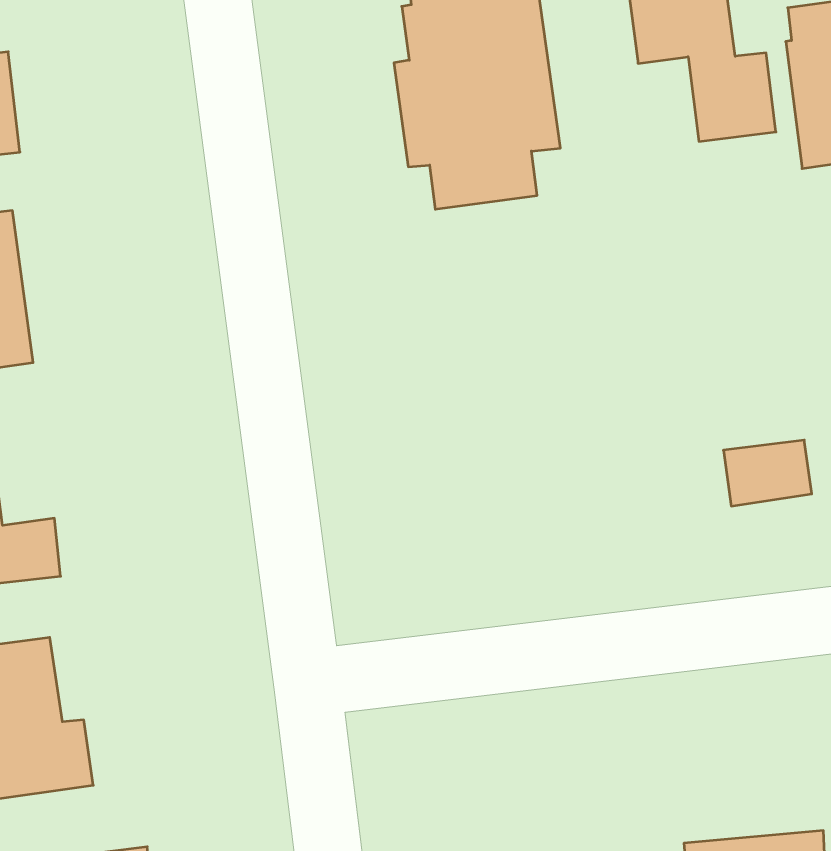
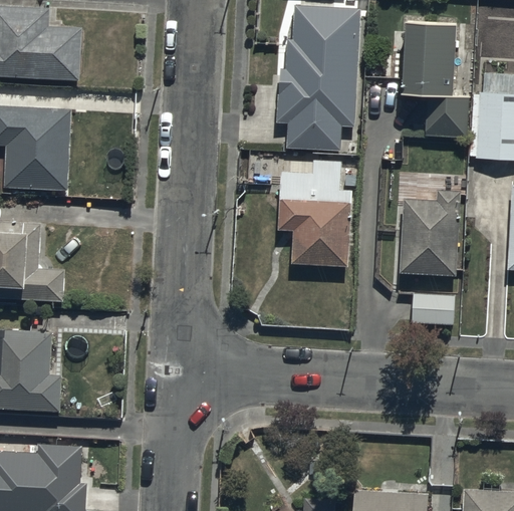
building: none -> [277,161,350,266]
building: none -> [400,191,459,276]

